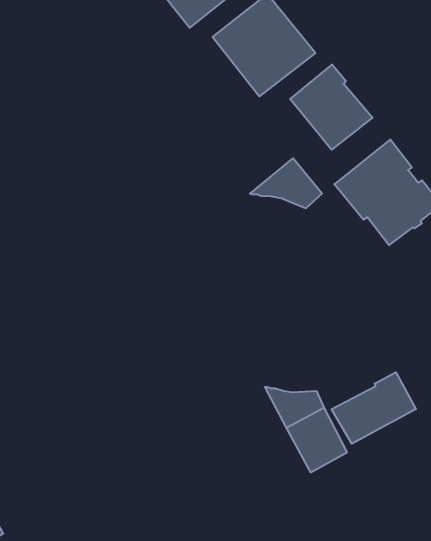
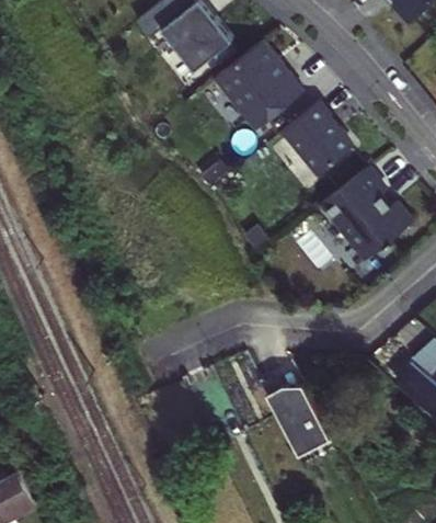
building: [250,158,322,208] -> none
building: [332,372,416,444] -> none

